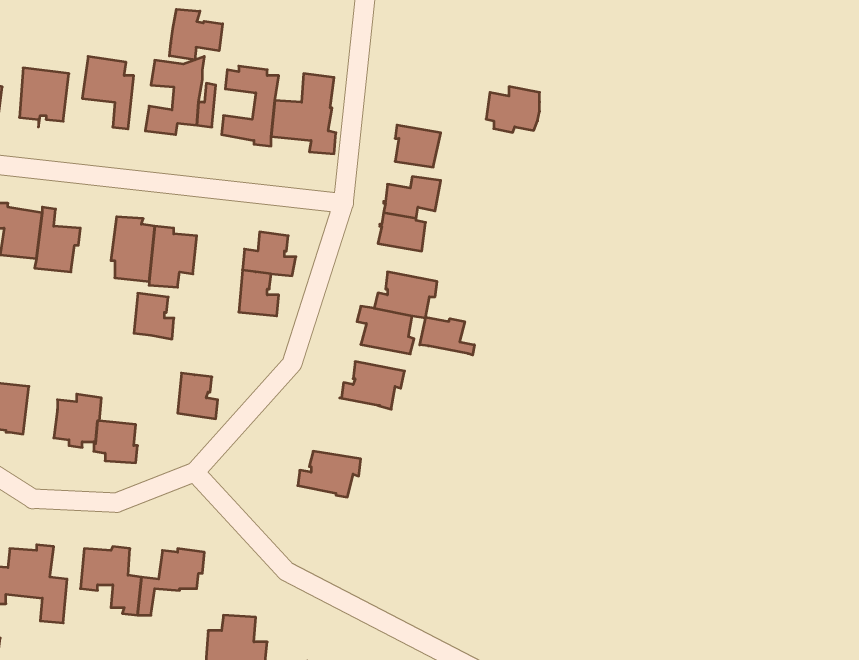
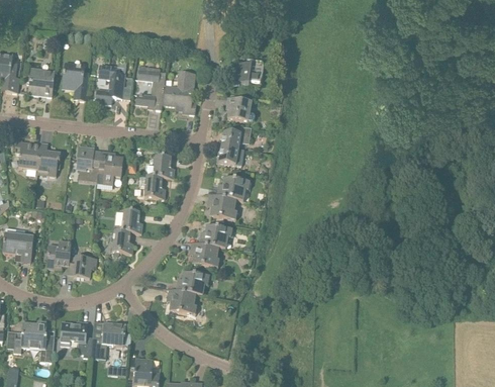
building: [169,9,223,60] -> none
building: [486,87,540,132] -> [234,60,263,84]
building: [134,293,174,339] -> [121,209,142,233]
building: [420,317,474,355] -> none
building: none -> [190,241,219,267]
building: none -> [168,288,196,313]

